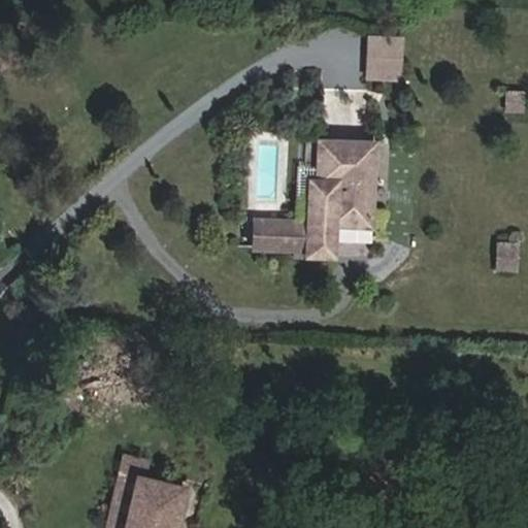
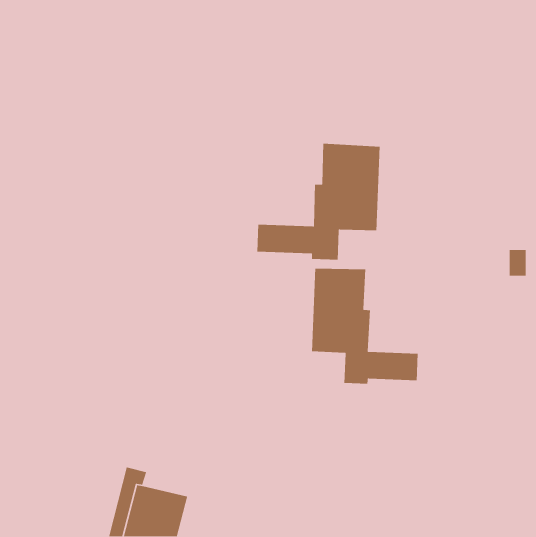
building: [370,36,402,78] -> none
building: none -> [311,268,419,384]

